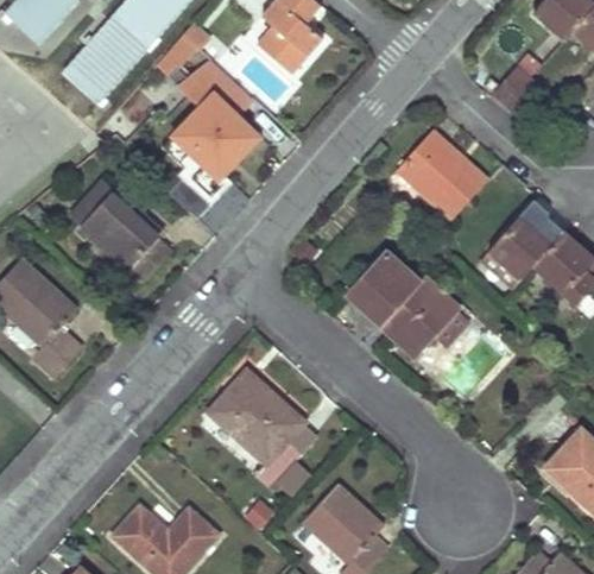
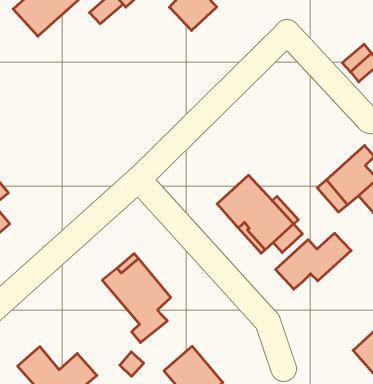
building: [175,58,261,175] -> none
building: [398,131,487,219] -> none
building: [82,193,169,282] -> none
building: none -> [276,233,351,289]

